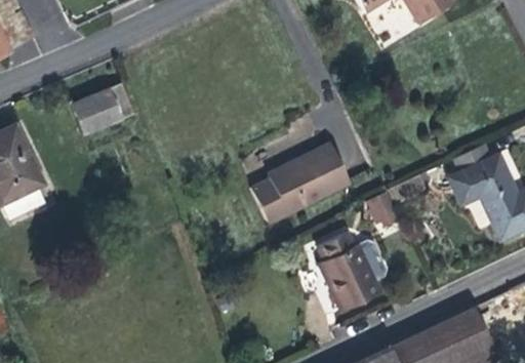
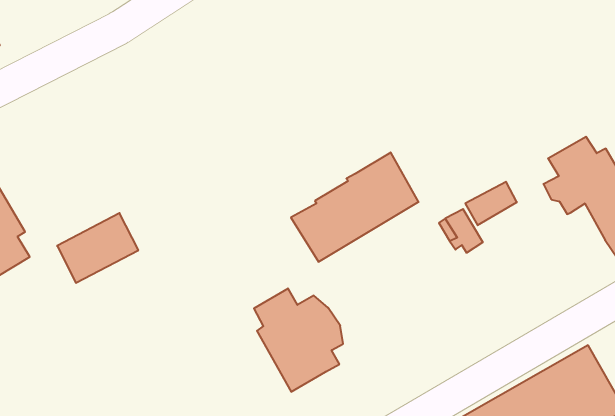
building: [72,85,134,136] -> [57,213,138,283]
building: [319,233,386,313] -> [254,288,343,392]

